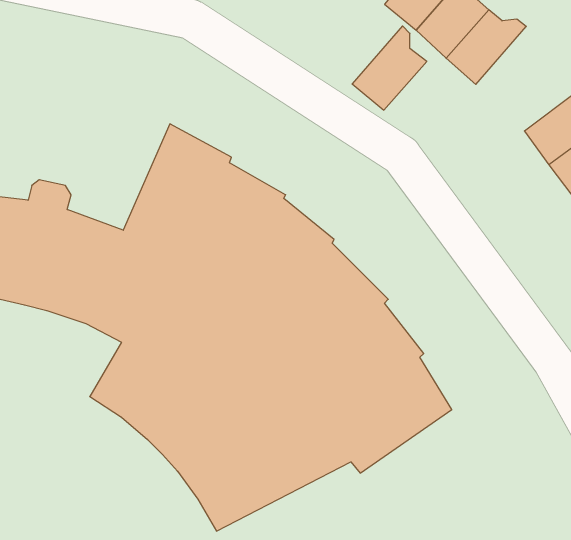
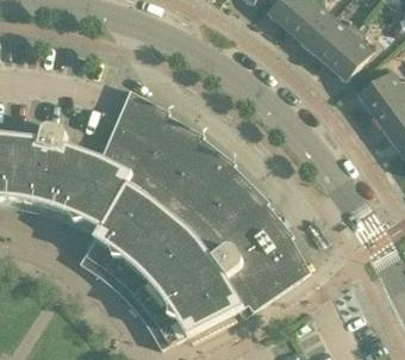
building: [352,26,427,110] -> [325,27,373,81]

